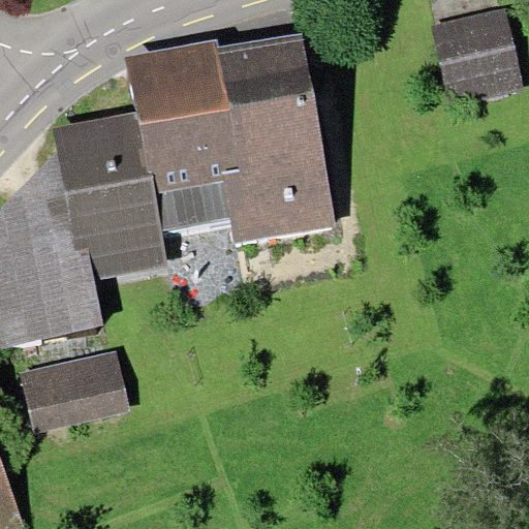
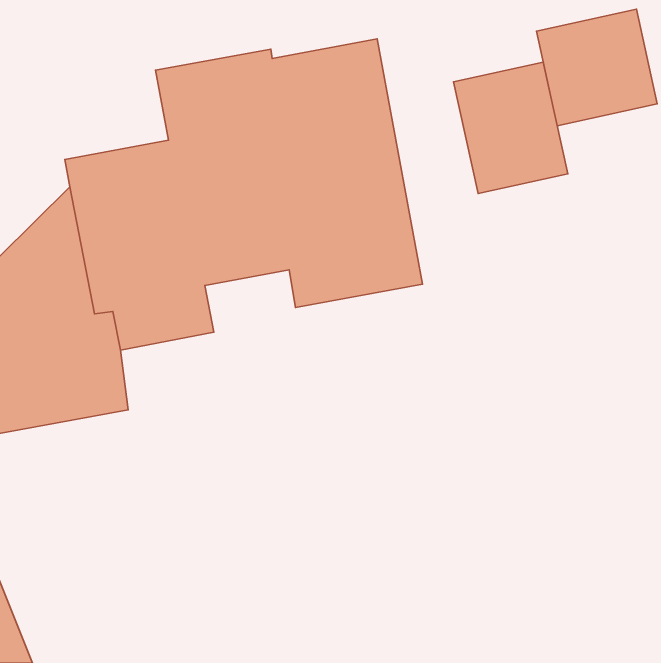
building: none -> [453,62,568,194]
building: [20,350,129,434] -> none

